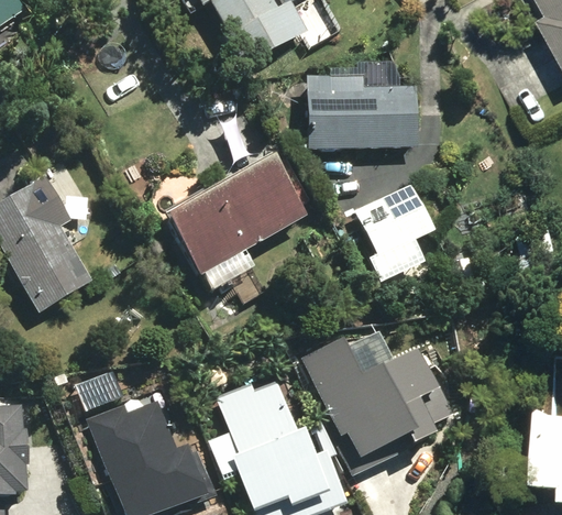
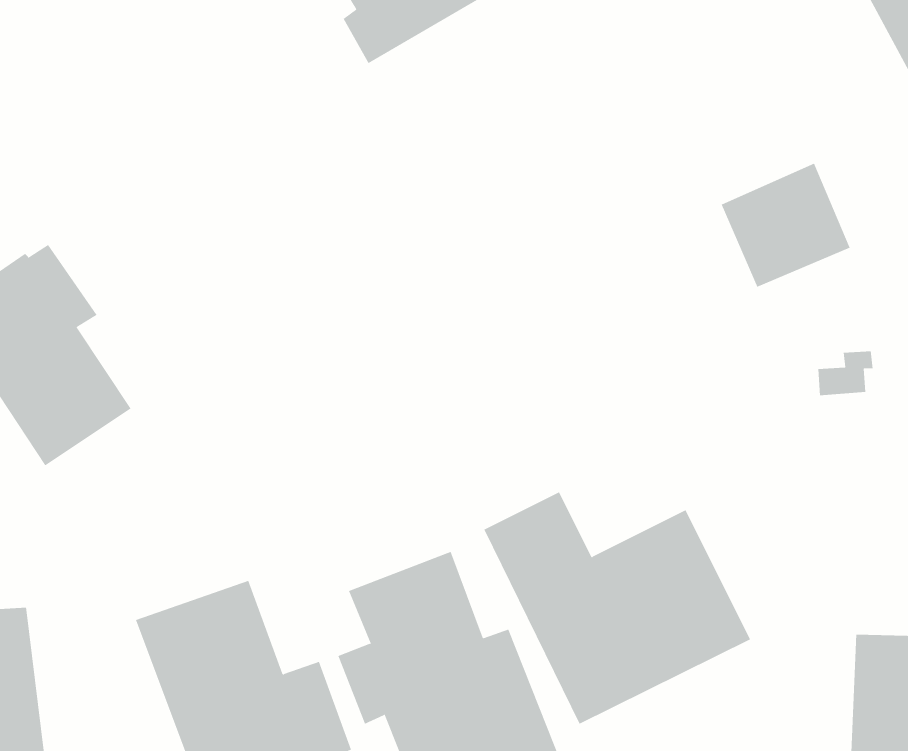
building: [301,75,416,150] -> none
building: [153,155,298,281] -> none
building: [350,184,429,260] -> [721,163,851,287]

